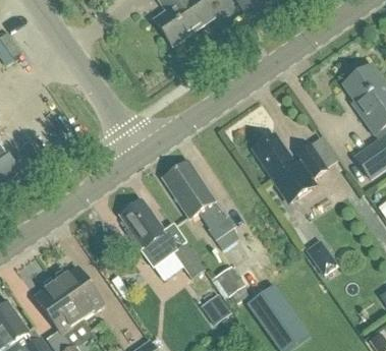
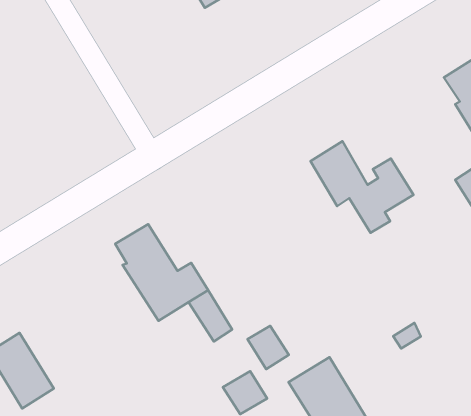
building: [163,159,235,238] -> none
building: [56,266,104,317] -> none

